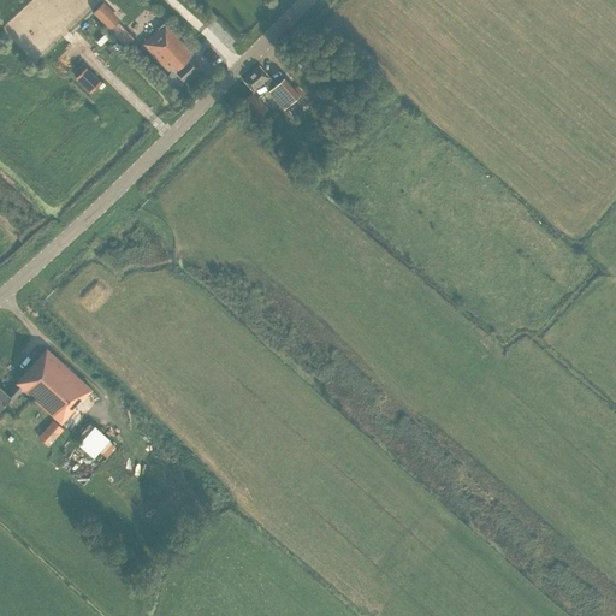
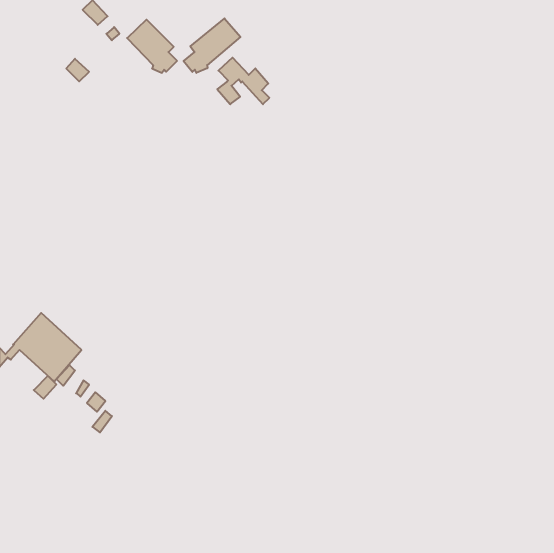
building: none -> [184,18,240,73]

